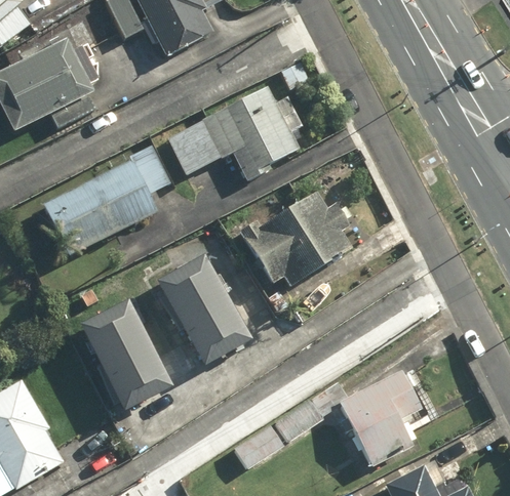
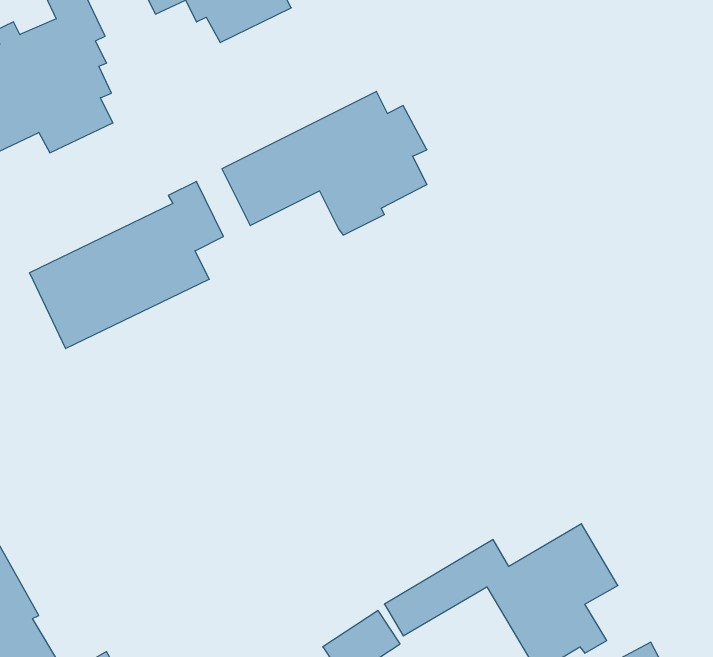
building: [240,190,351,284] -> none
building: [157,252,252,366] -> none
building: [77,300,172,414] -> none

